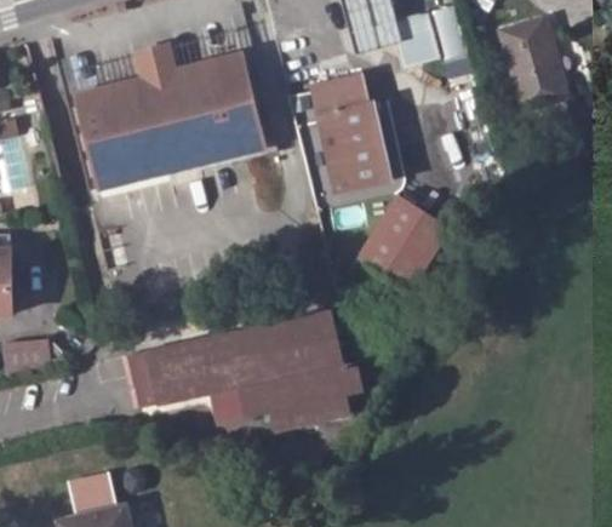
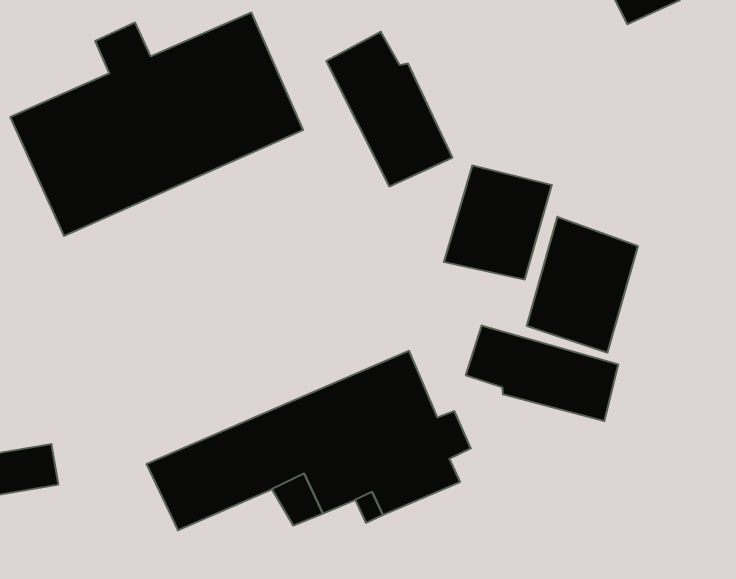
building: none -> [527,217,638,353]
building: none -> [466,325,618,421]

